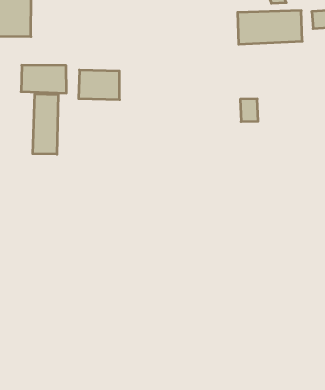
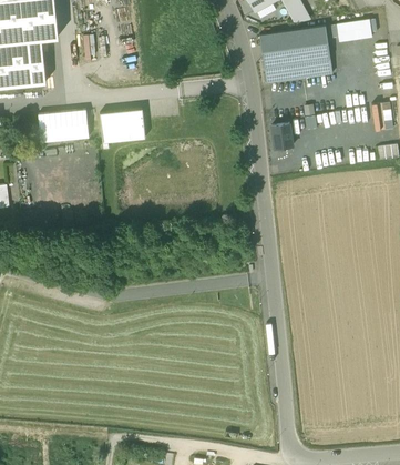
building: none -> [264,59,332,84]
building: [33,94,58,154] -> none

